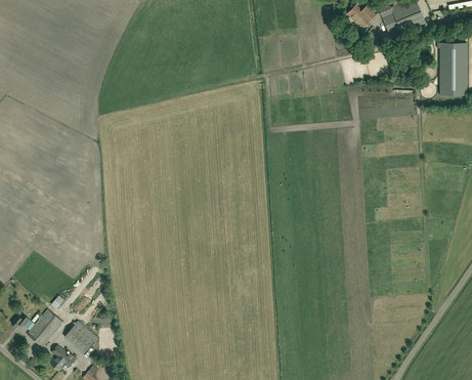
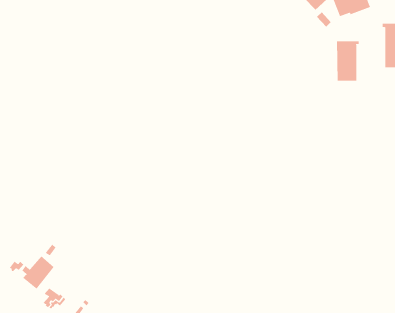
building: none -> [336,41,359,82]
building: [65,321,97,352] -> none

